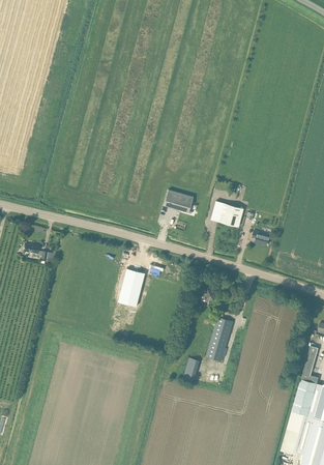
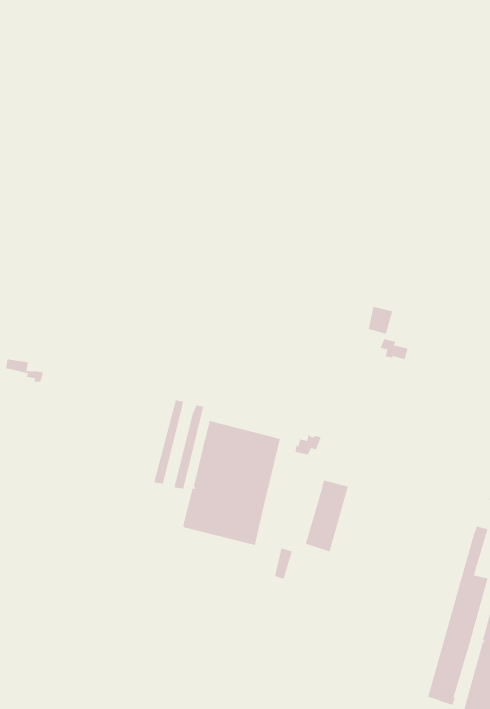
building: [164,188,194,212] -> none
building: [211,201,243,226] -> none
building: none -> [183,420,281,546]

